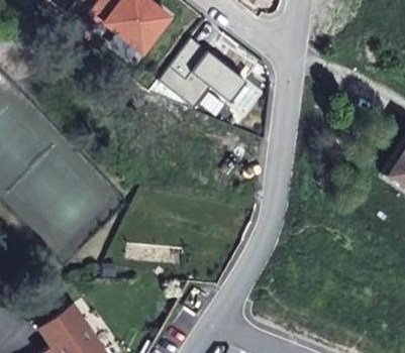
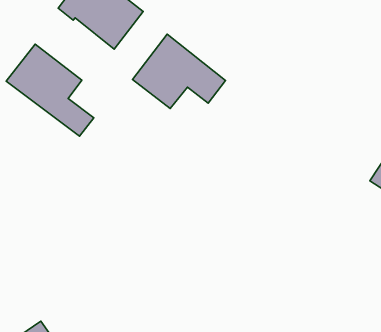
building: none -> [6,44,94,136]

